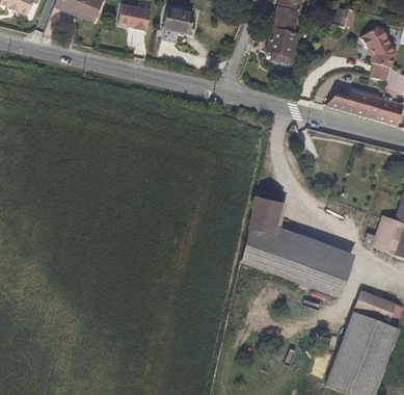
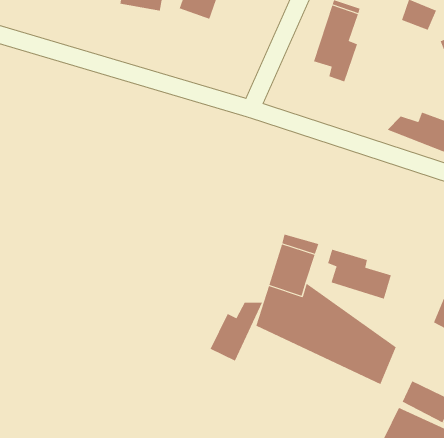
building: none -> [327,249,391,300]
building: none -> [210,302,263,362]

